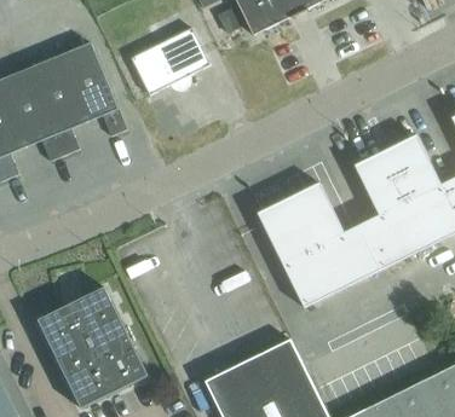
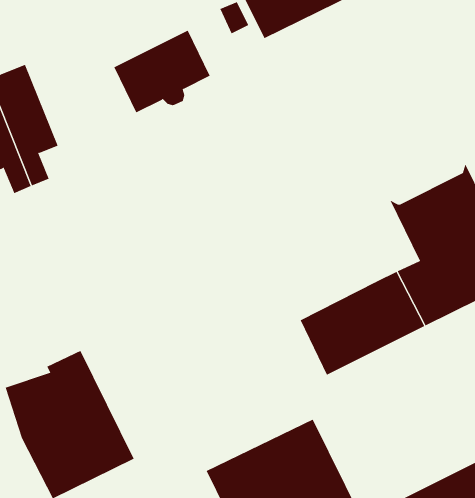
building: [59,41,127,135] -> none
building: [257,181,344,262] -> none

